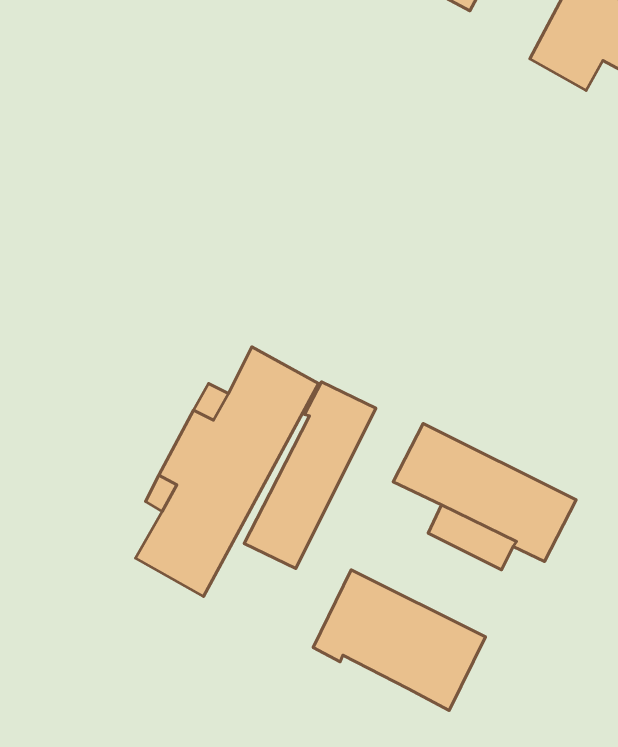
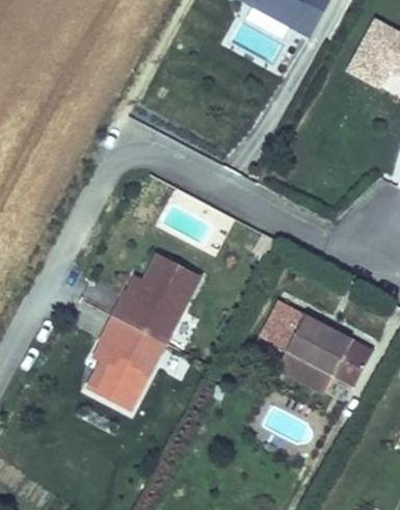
building: [244,382,376,568] -> none
building: [313,570,485,710] -> none

